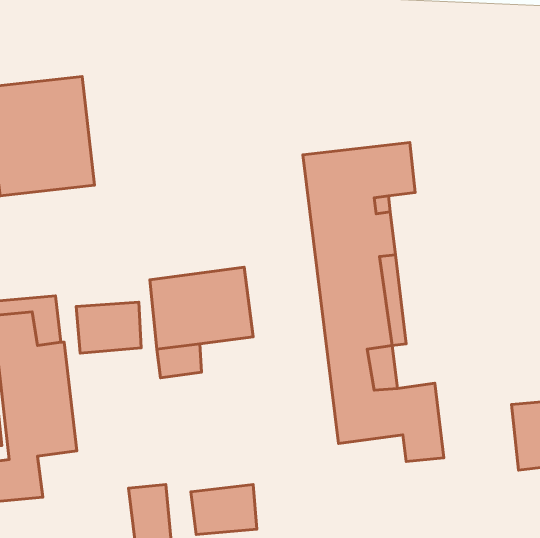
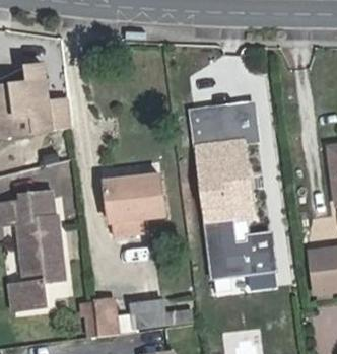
building: [76,302,141,353] -> none

